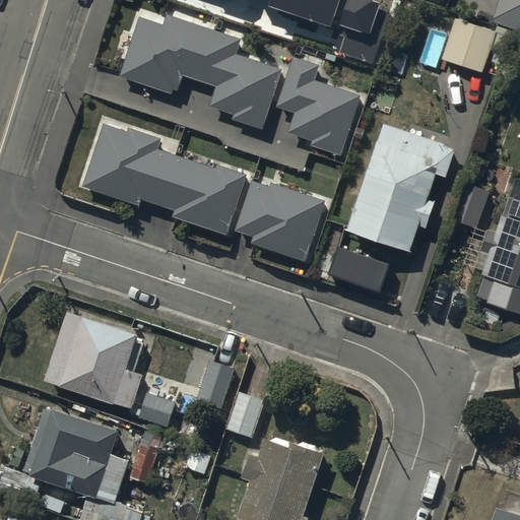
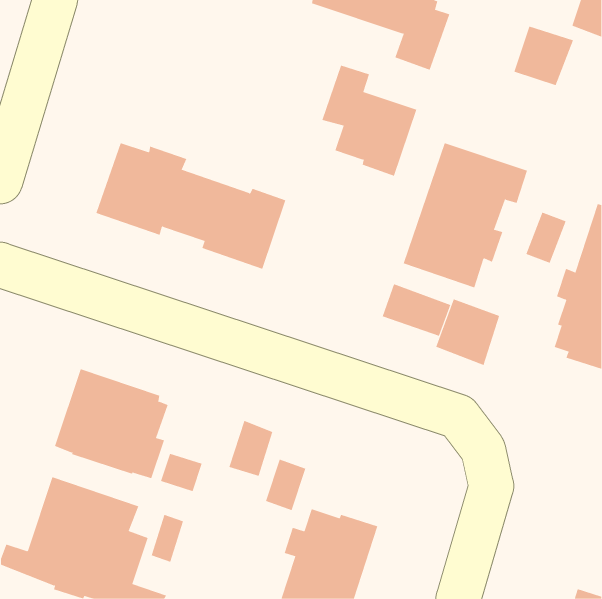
building: [119,13,282,127] -> none
building: [237,181,323,259] -> none
building: none -> [436,298,500,366]

